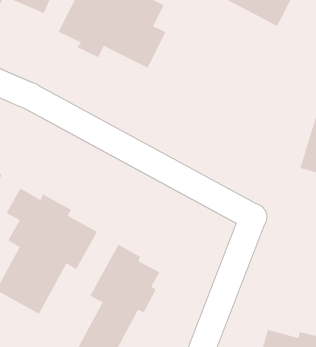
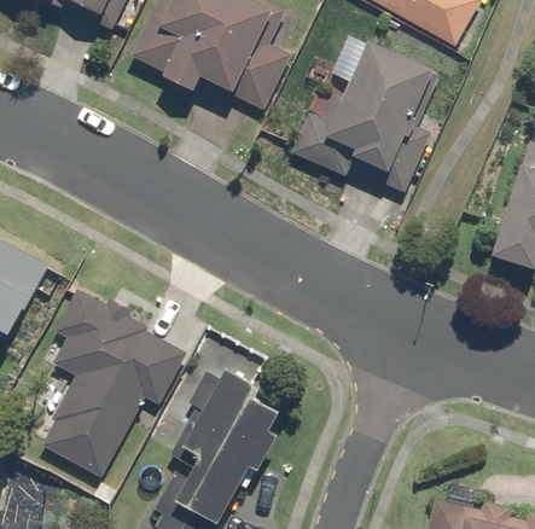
building: none -> [313,35,440,192]

